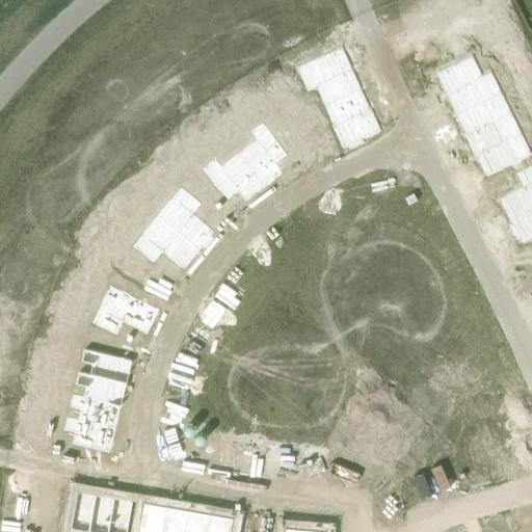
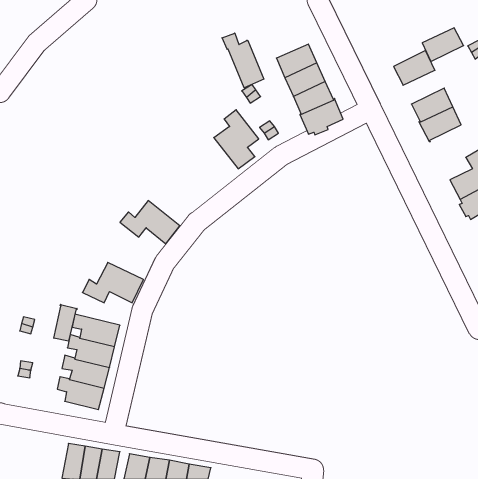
building: none -> [222,33,264,88]
building: [448,78,494,115] -> [422,28,464,62]
building: [477,138,523,177] -> none
building: [202,153,265,202] -> none
building: [165,186,216,250] -> none
building: none -> [54,304,77,341]

